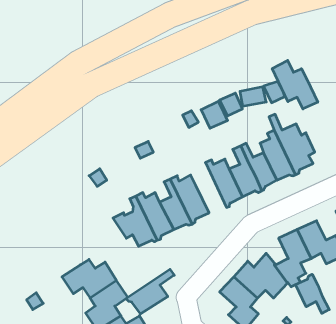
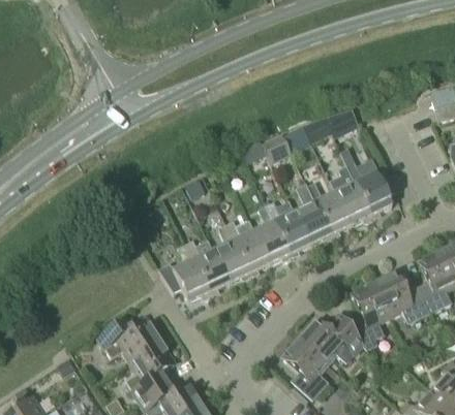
building: [272,60,318,109] -> none
building: none -> [255,204,292,263]
building: [126,269,174,314] -> none
building: [295,274,329,313] -> none

